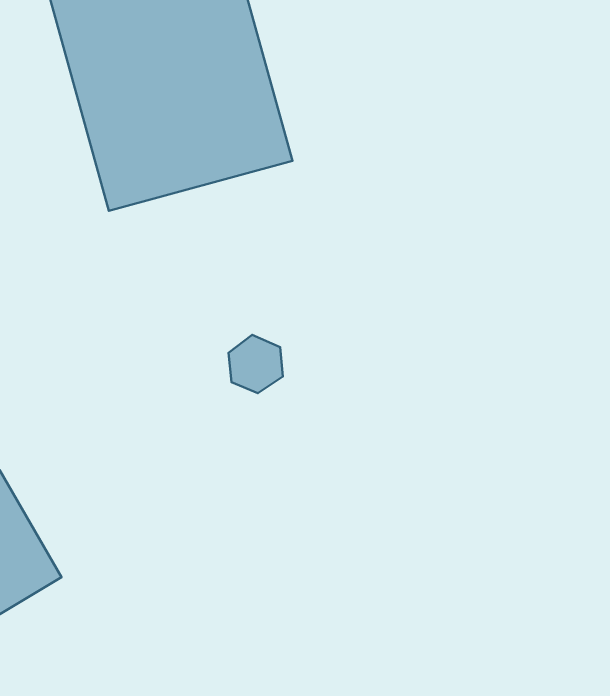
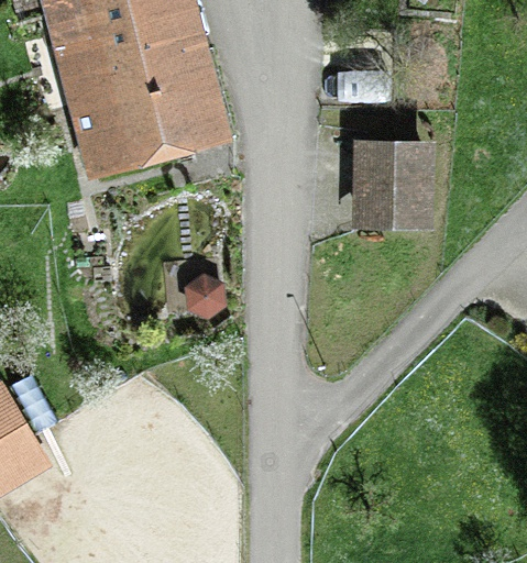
building: none -> [351,135,435,227]

